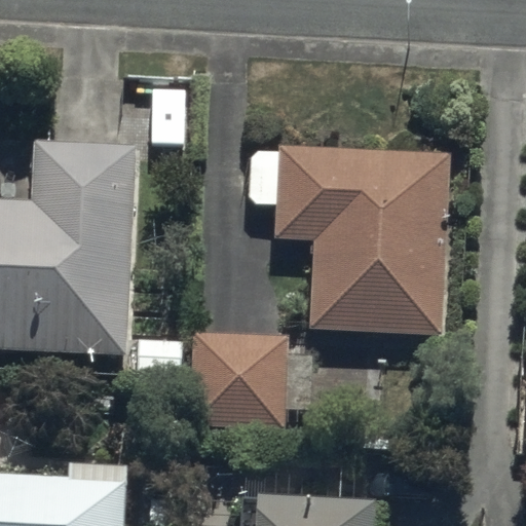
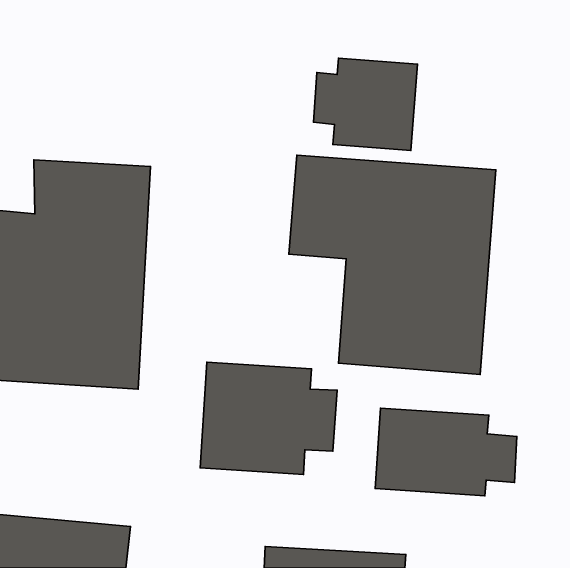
building: none -> [313,58,418,151]
building: none -> [375,408,517,496]

